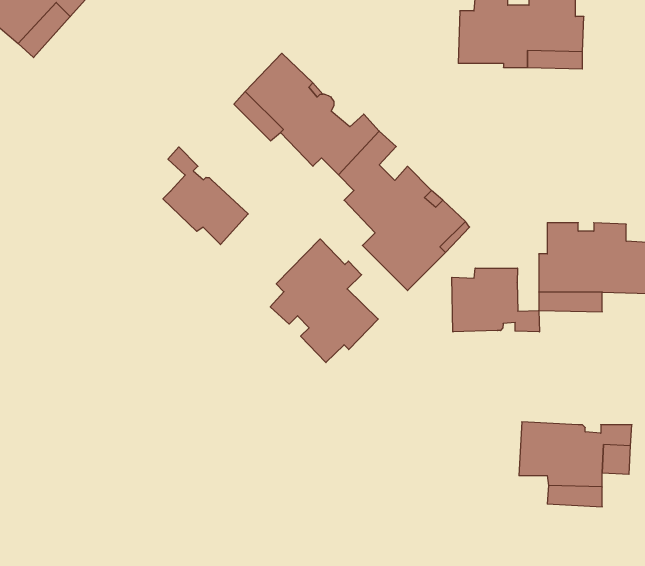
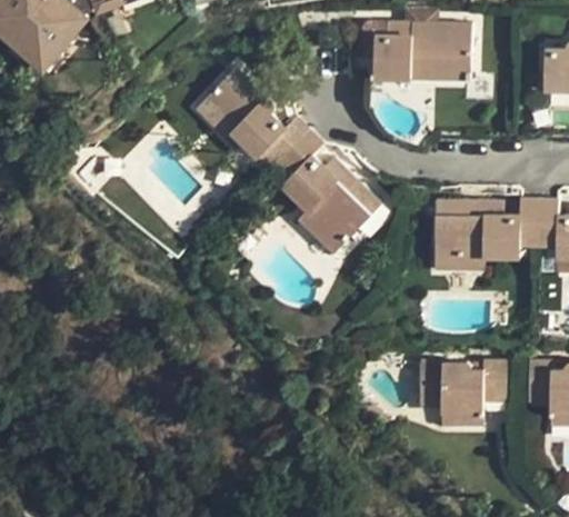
building: [163,147,248,245] -> none
building: [270,239,378,363] -> none
building: [452,268,539,332] -> none

